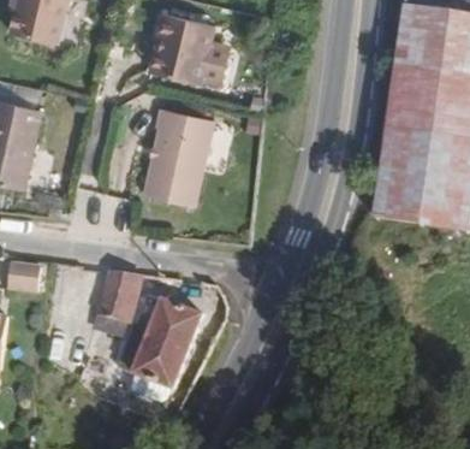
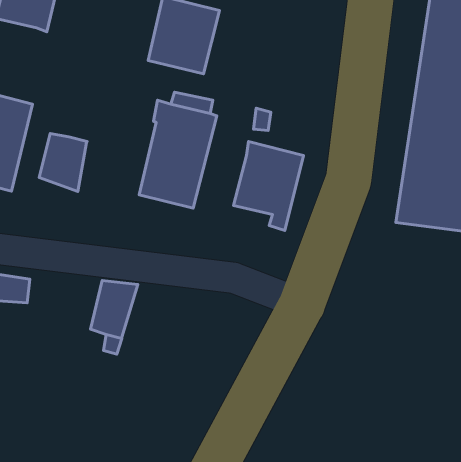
building: none -> [39,134,87,191]
building: none -> [233,142,303,230]
building: [126,301,200,390] -> none

